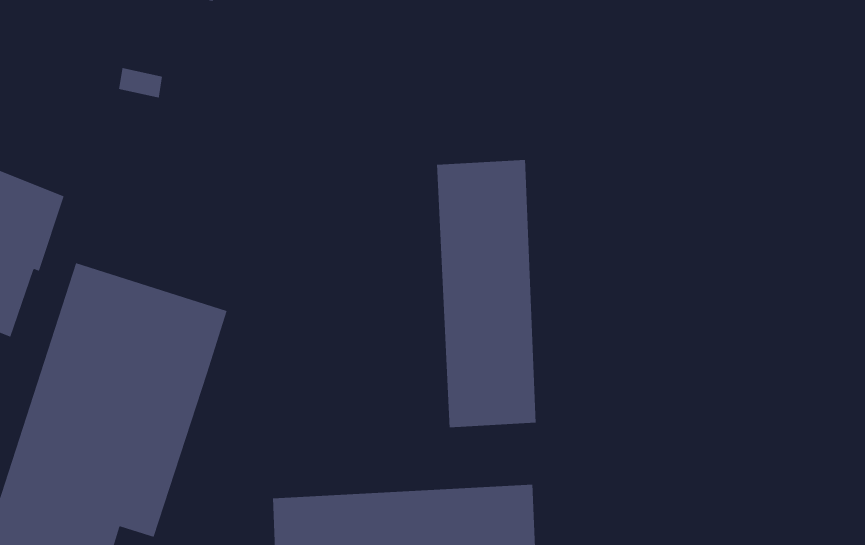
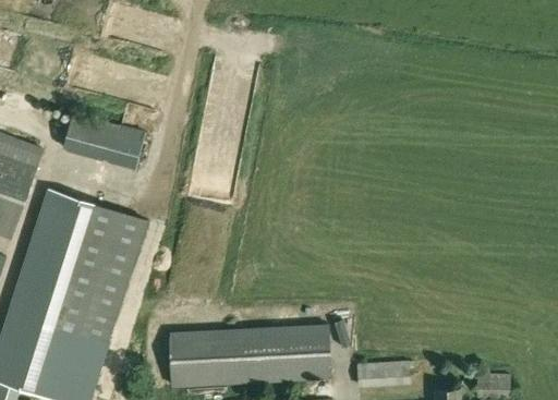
building: none -> [61,111,145,169]
building: [436,159,536,428] -> none

